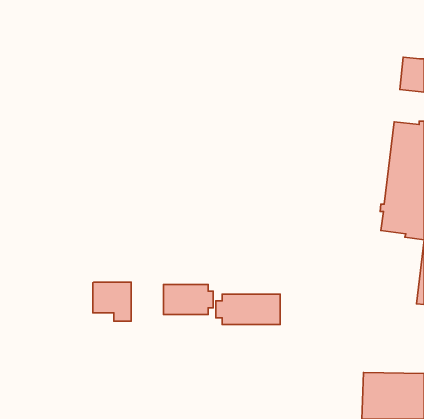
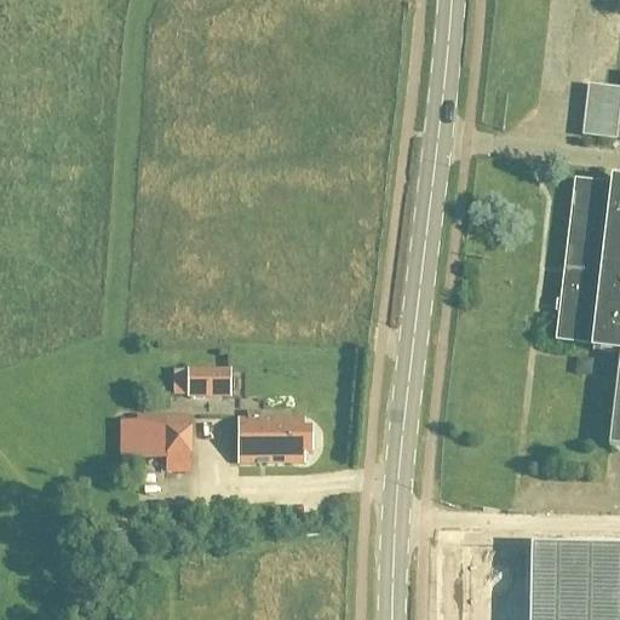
building: none -> [188,366,230,394]
building: [216,294,280,325] -> none

